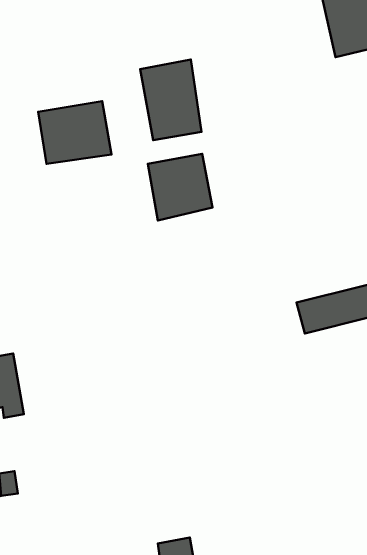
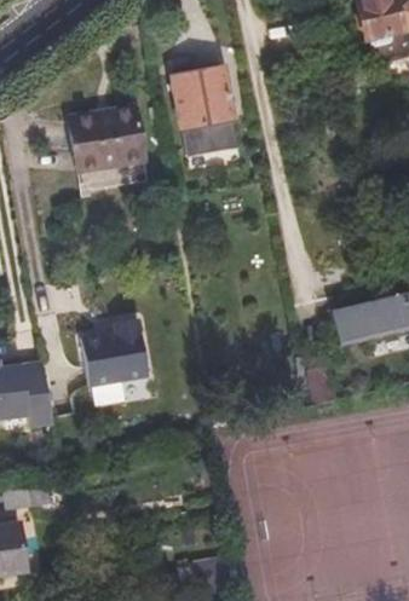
building: [148,154,213,220] -> none
building: none -> [82,320,149,387]

